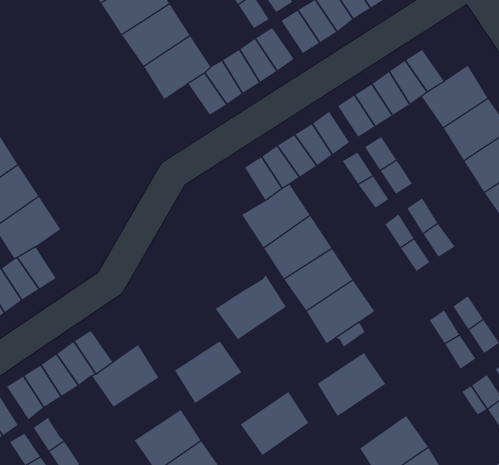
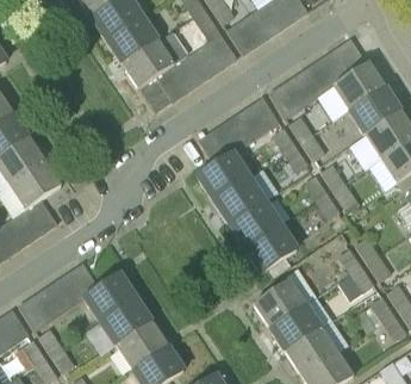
building: [215,275,286,340] -> none
building: [174,341,242,404] -> [100,298,151,346]
building: [240,391,309,456] -> [269,303,322,352]

